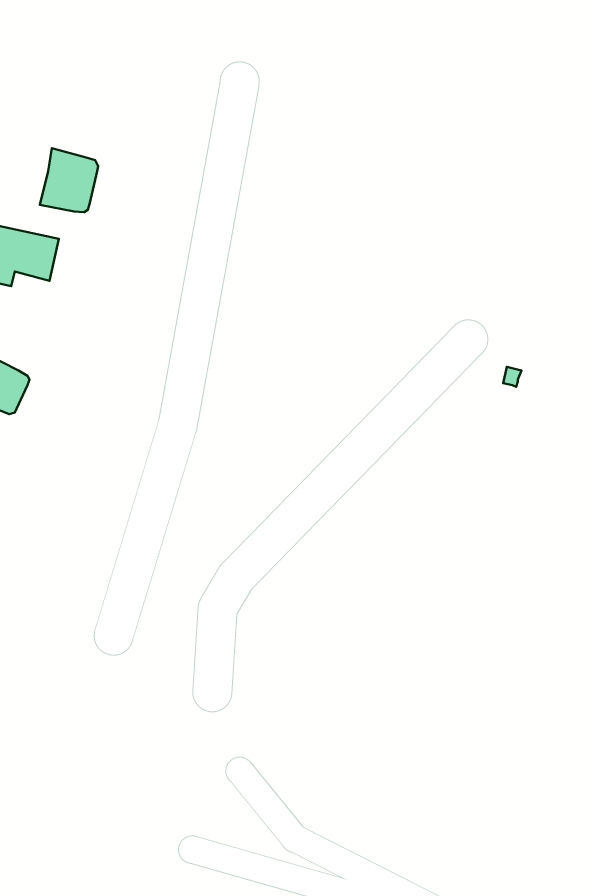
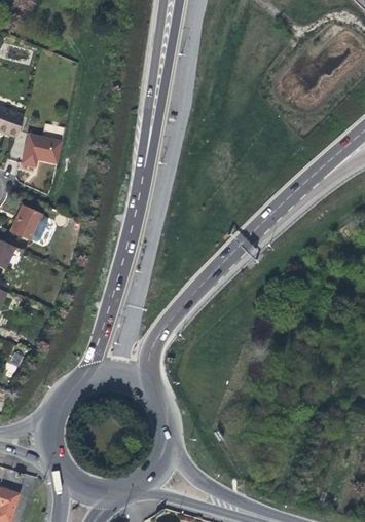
building: [40,148,98,212] -> none

